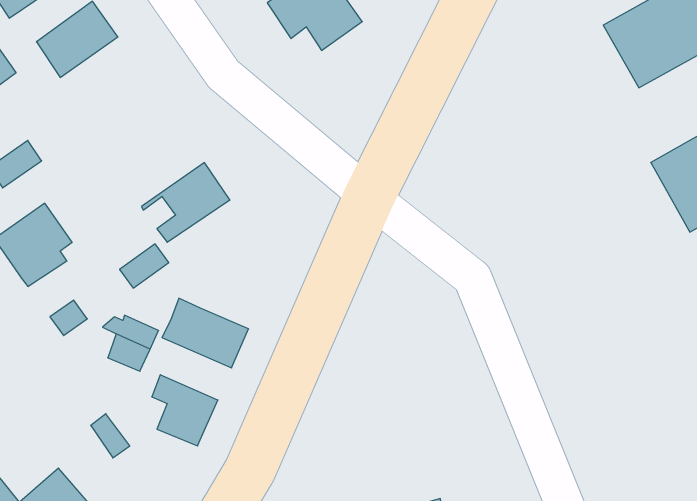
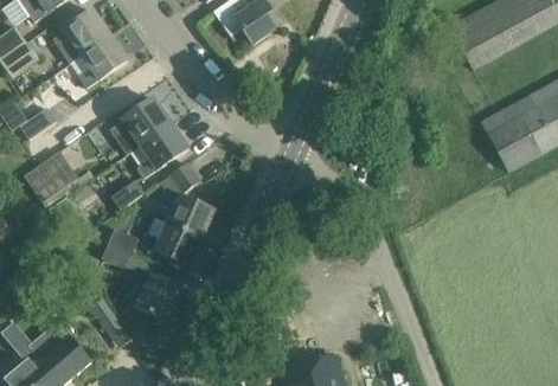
building: none -> [70,34,127,88]
building: none -> [110,98,171,153]
building: none -> [160,163,214,238]

